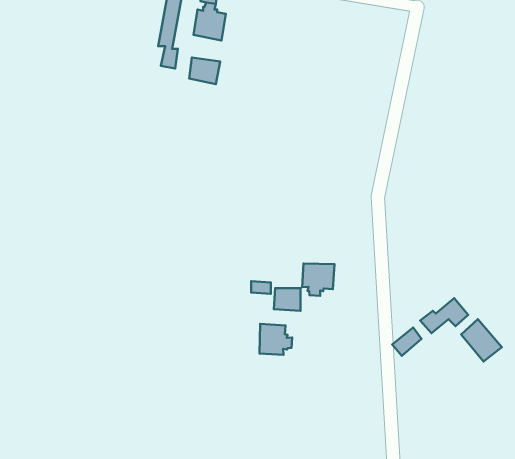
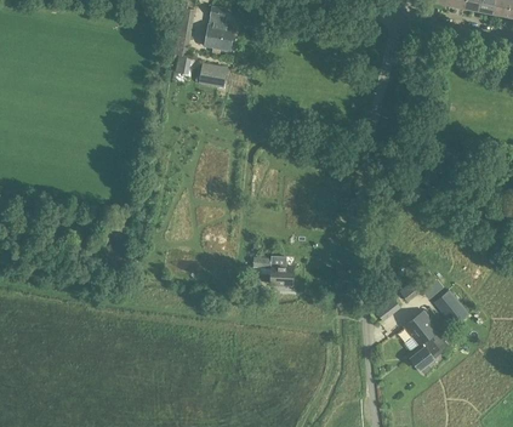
building: [302,263,334,296] -> none
building: [260,324,292,355] -> none
building: none -> [404,309,439,369]

